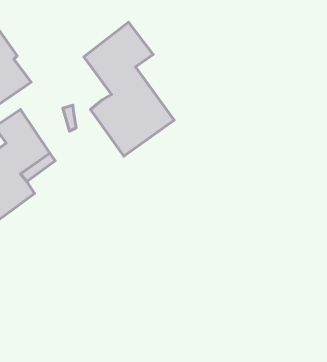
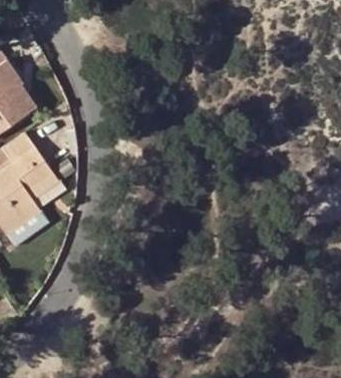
building: [84,22,174,156] -> none

